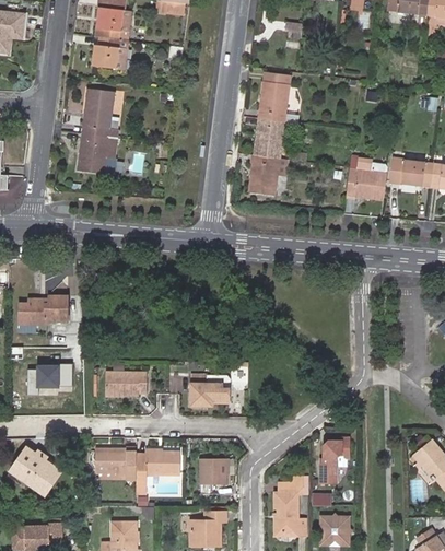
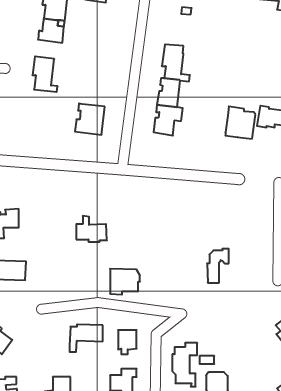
building: [77,132,117,175] -> [75,103,105,135]
building: [105,361,147,396] -> [76,216,107,242]
building: [319,438,349,484] -> [207,249,229,283]
building: [94,446,136,480] -> none

